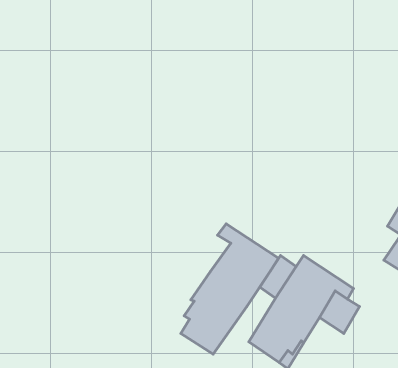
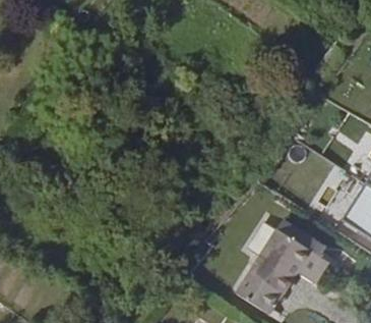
building: [181,224,278,354] -> none

